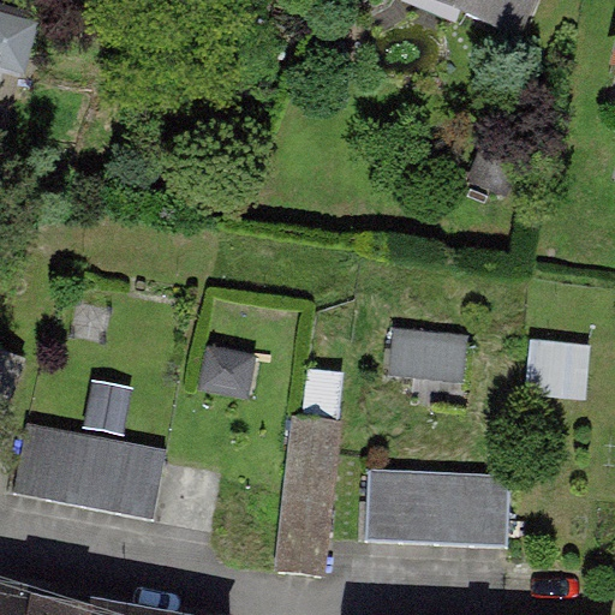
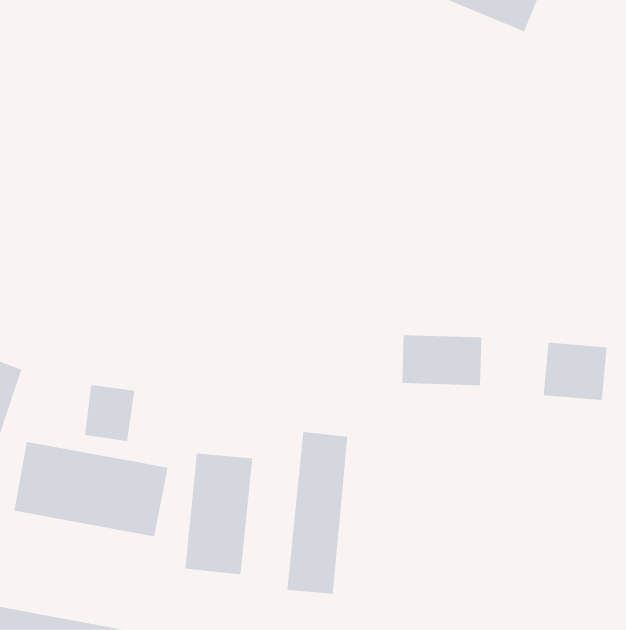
building: none -> [185,453,253,575]
building: [364,471,508,549] -> none

